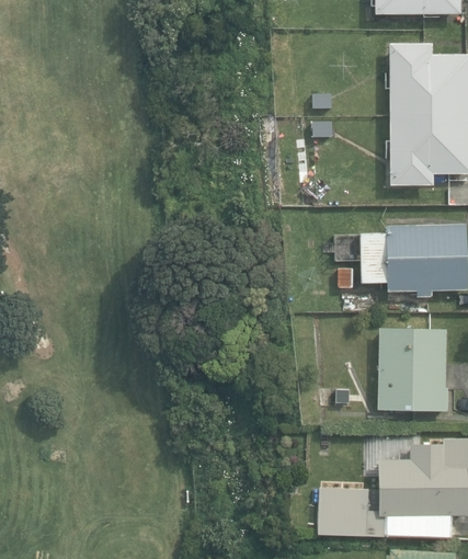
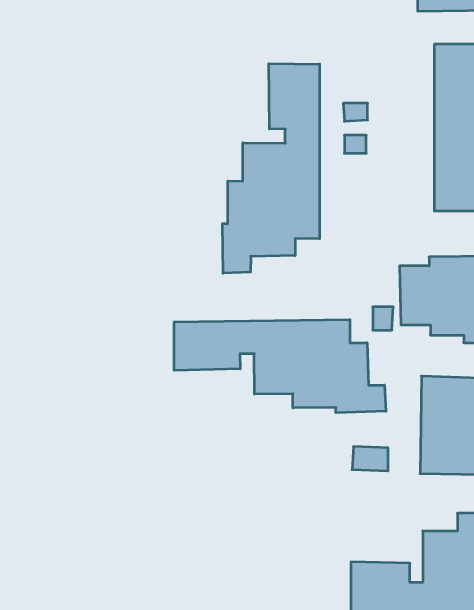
building: none -> [222,64,320,273]
building: none -> [174,320,386,413]

